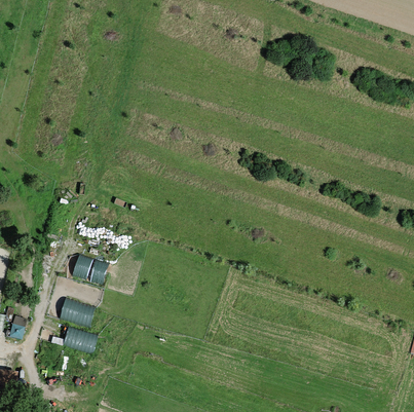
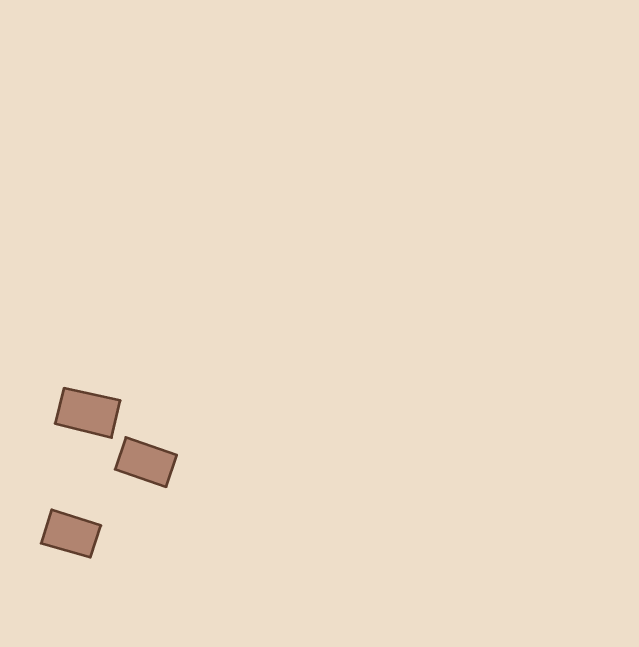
building: [58,297,93,326] -> [115,437,177,487]

